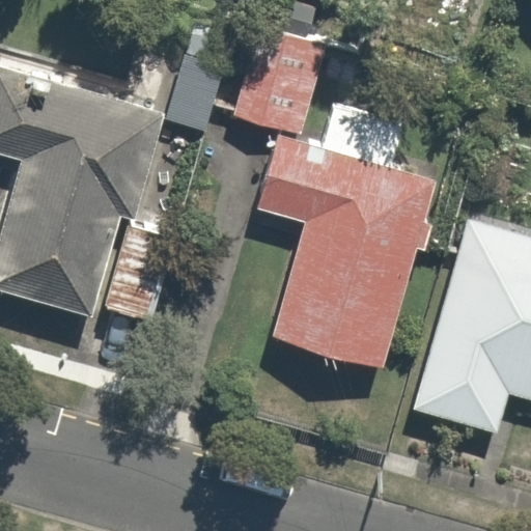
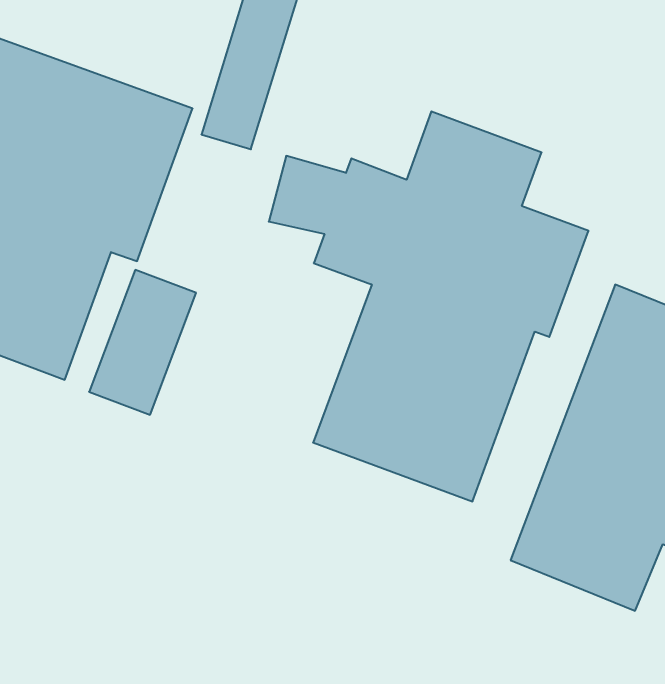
building: [232,37,331,140] -> none

